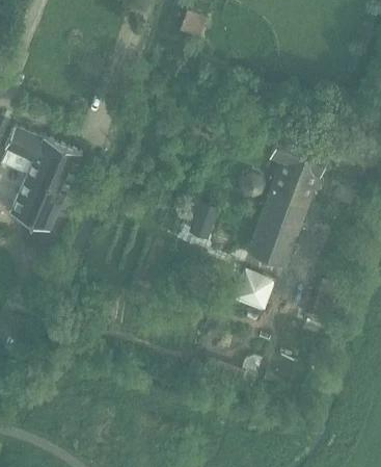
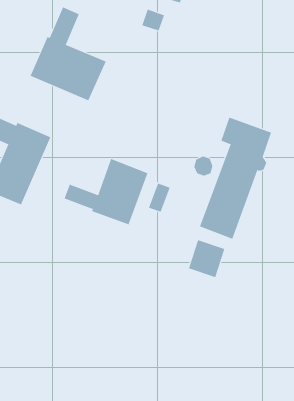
building: none -> [30,7,107,101]
building: none -> [64,158,148,225]

